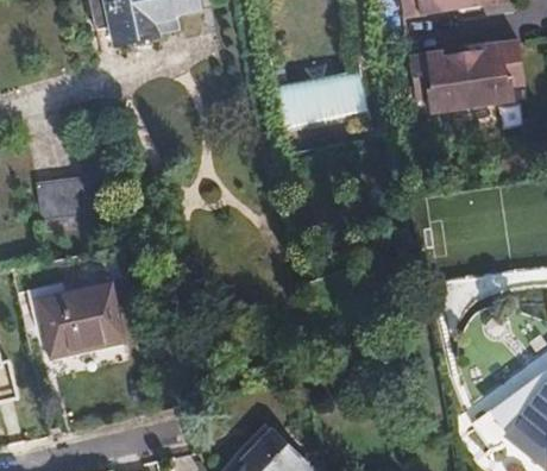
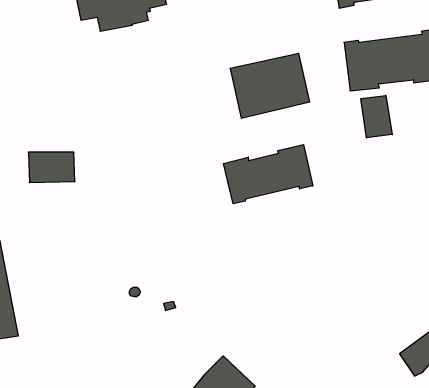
building: none -> [361,95,392,138]
building: none -> [223,145,313,204]
building: [34,282,122,358] -> none

